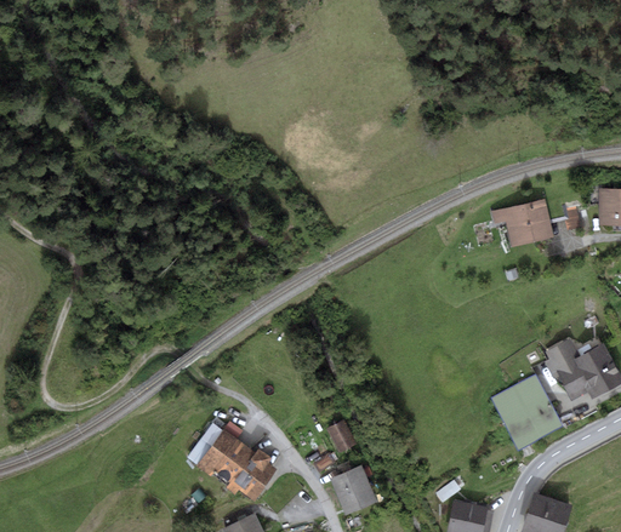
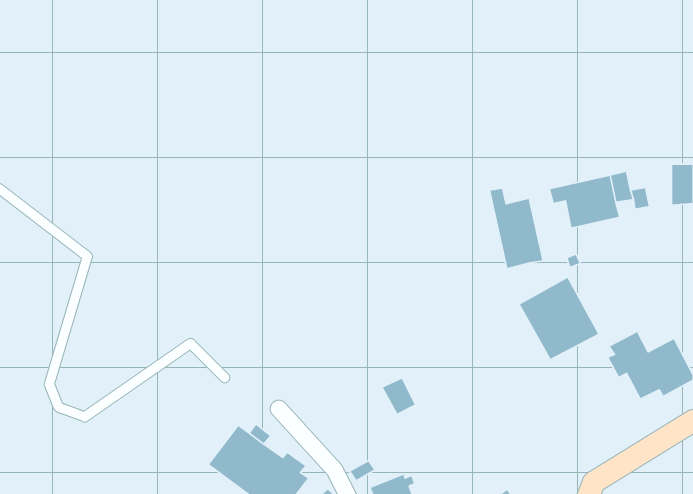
building: none -> [490,188,543,269]
building: [491,374,563,448] -> [519,277,599,360]
building: [326,419,357,452] -> [382,378,416,414]

